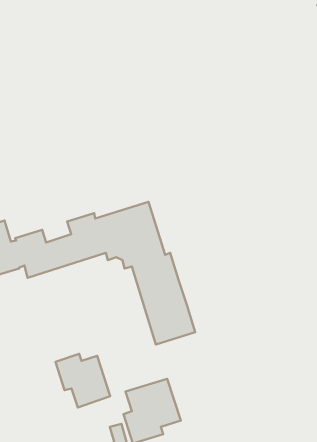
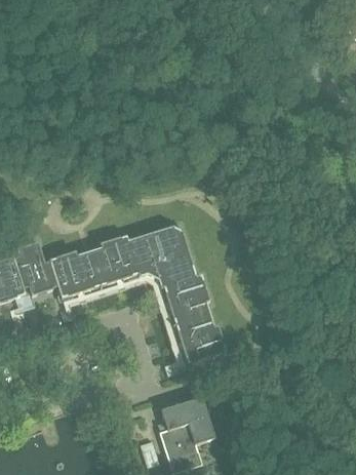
building: [55,354,110,408] -> none

